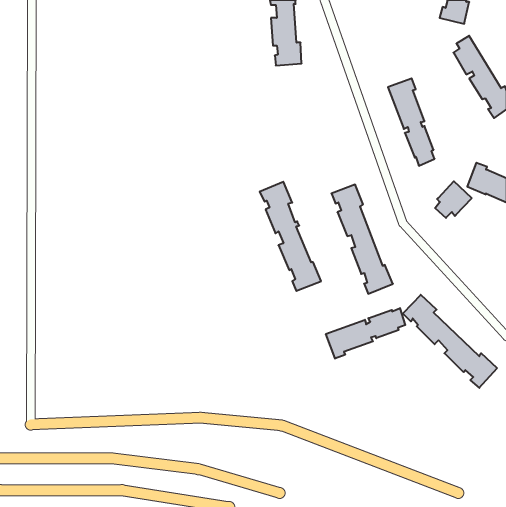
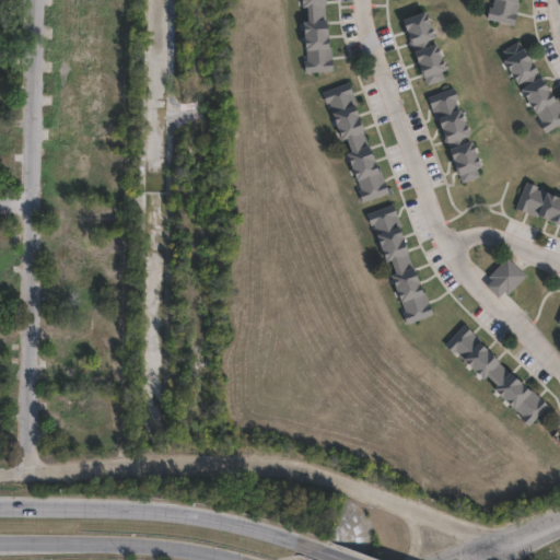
building: none -> [401,9,446,83]
building: [435,181,472,218] -> [487,256,527,296]
building: [260,182,321,291] -> [322,80,389,200]
building: [326,308,405,359] -> none

